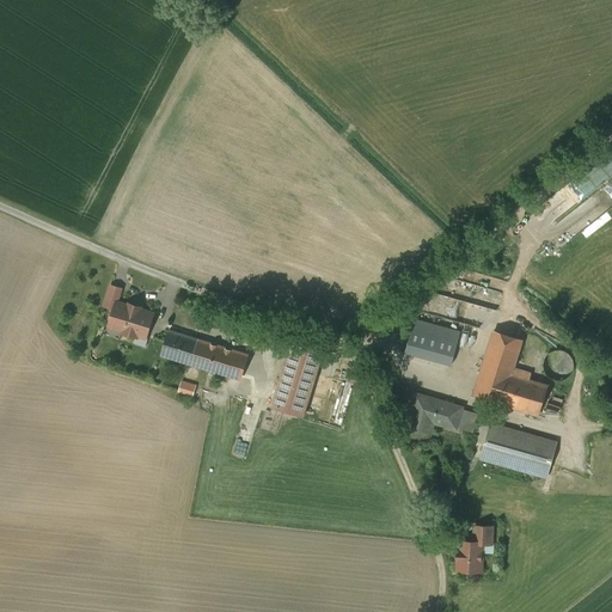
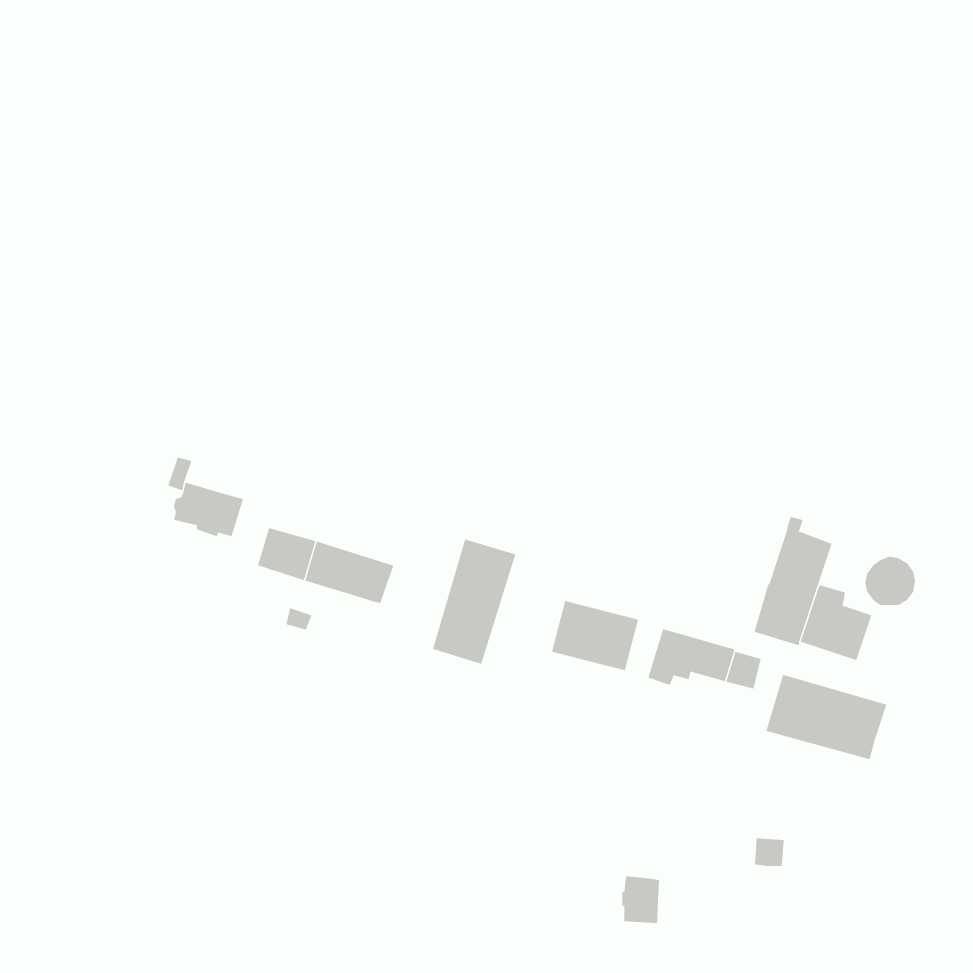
building: [405,320,460,365] -> [551,600,639,671]
building: [458,541,482,571] -> [622,876,660,924]

